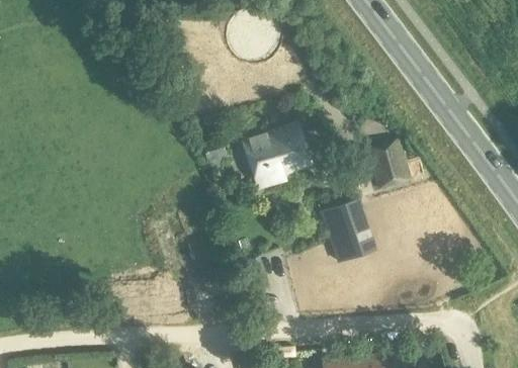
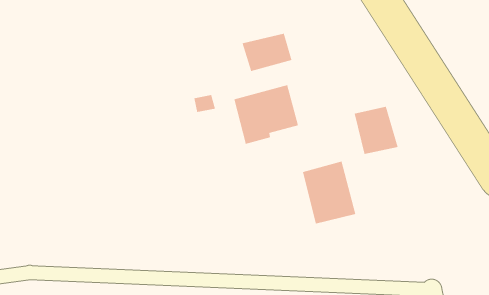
building: none -> [242,33,292,72]

